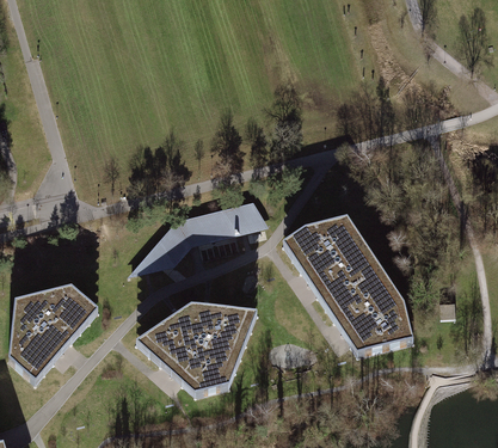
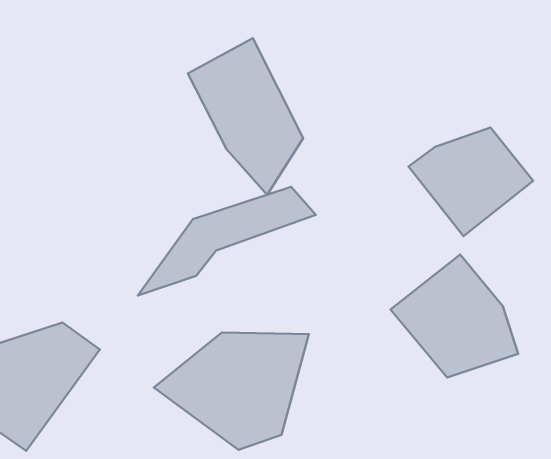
building: none -> [188,38,303,195]
building: [283,216,376,296] -> [408,128,533,236]

